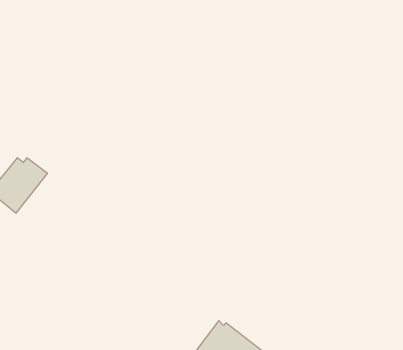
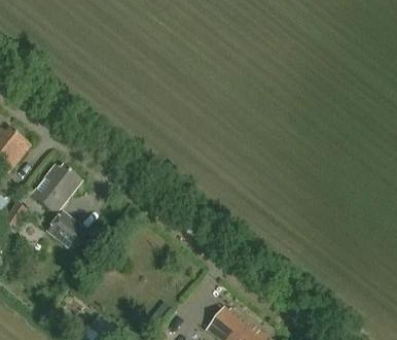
building: none -> [49,213,87,250]

